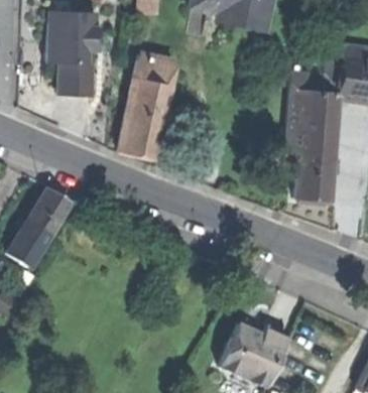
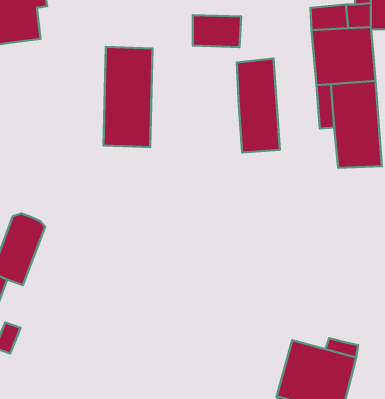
building: [134,54,174,85] -> [193,15,241,47]
building: [58,62,93,96] -> none
building: none -> [237,58,280,152]

